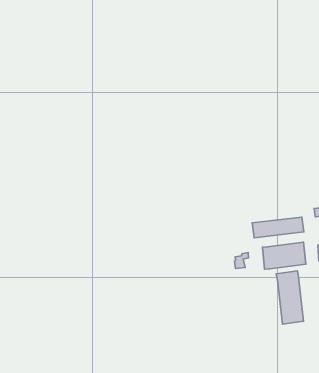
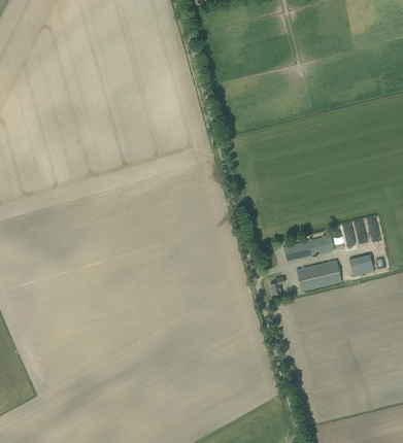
building: [276,271,303,324] -> none

